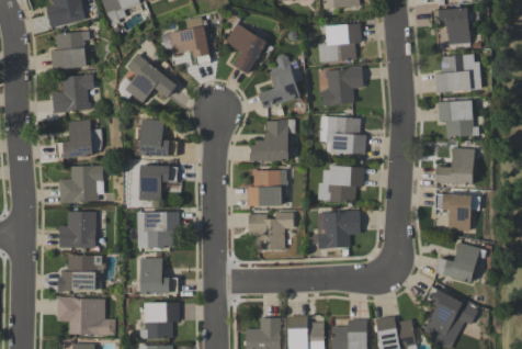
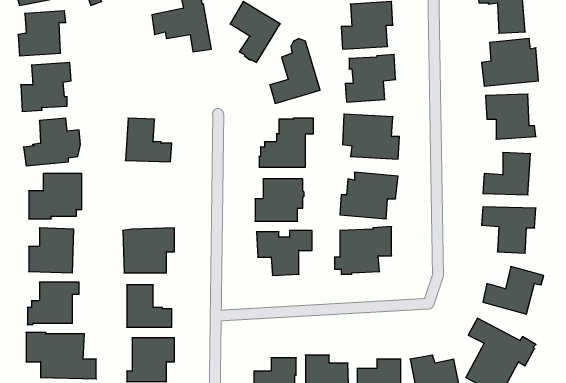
building: [125,54,178,102] -> none
building: [138,164,178,202] -> none

